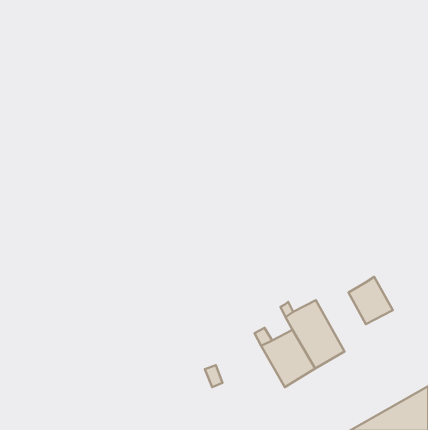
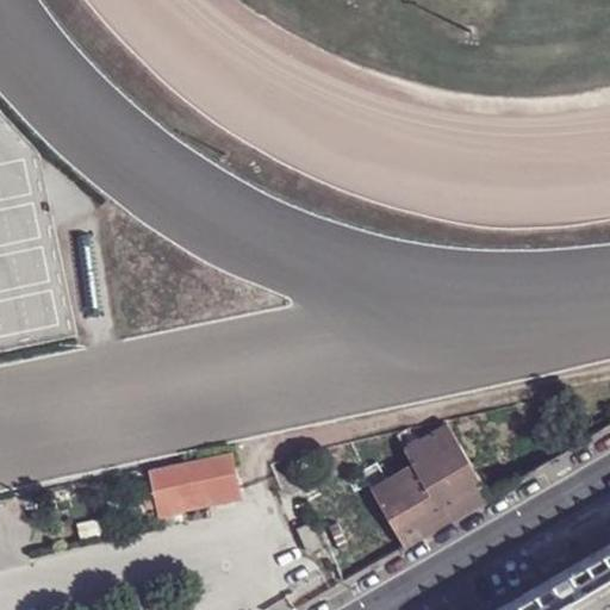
building: [349,277,393,324] -> none
building: none -> [158,460,245,513]

